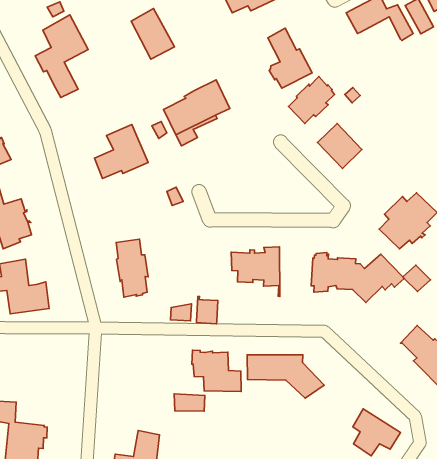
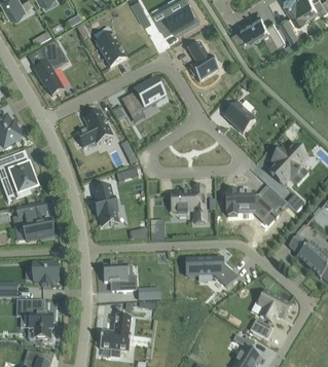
building: [288,77,335,123] -> none
building: none -> [33,264,57,286]
building: [192,350,241,391] -> [102,265,136,292]

